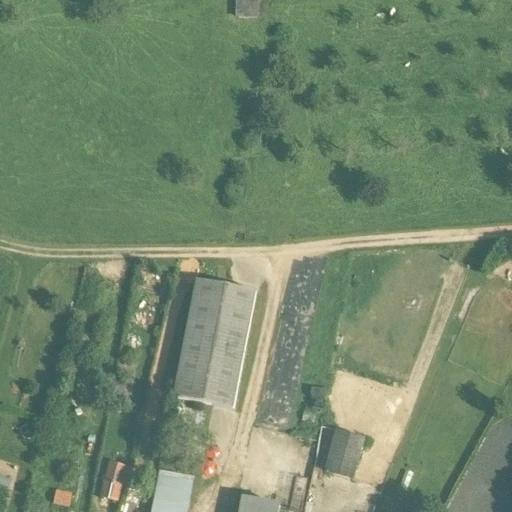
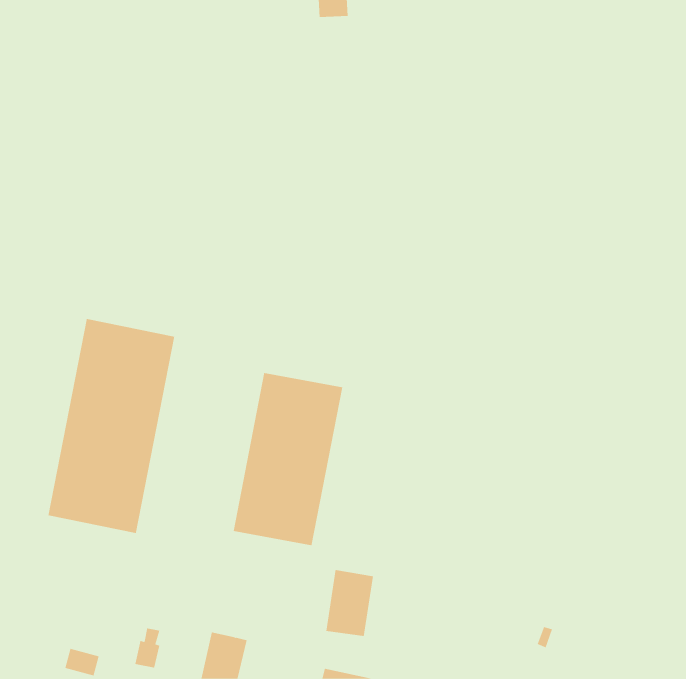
building: none -> [48,318,175,534]
building: [328,427,364,477] -> [326,569,374,637]

